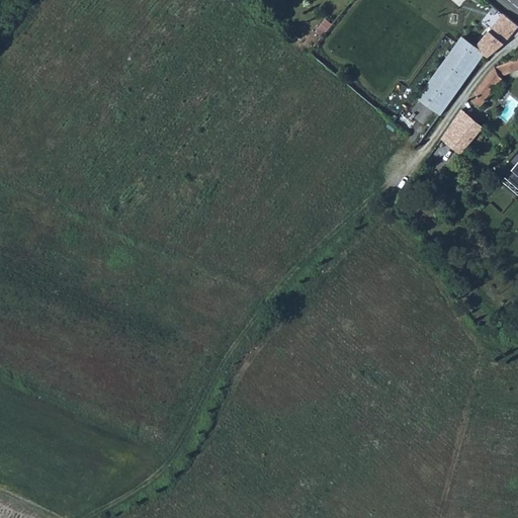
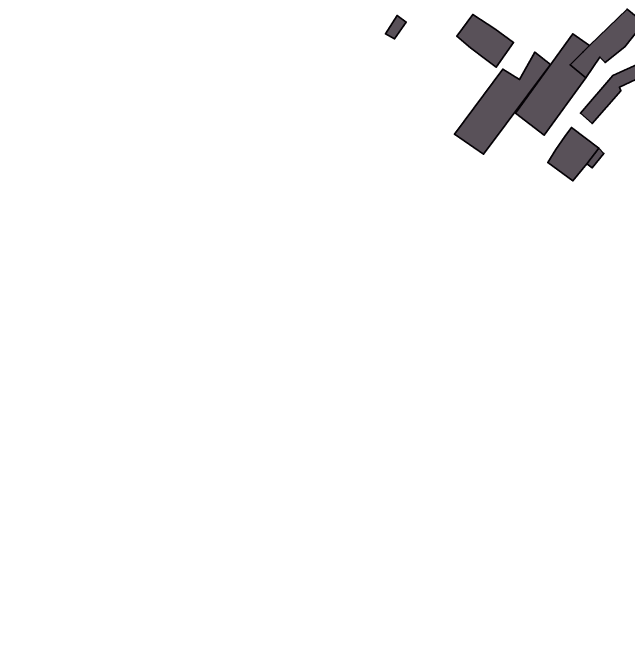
building: none -> [457,15,513,67]
building: none -> [455,52,551,154]

